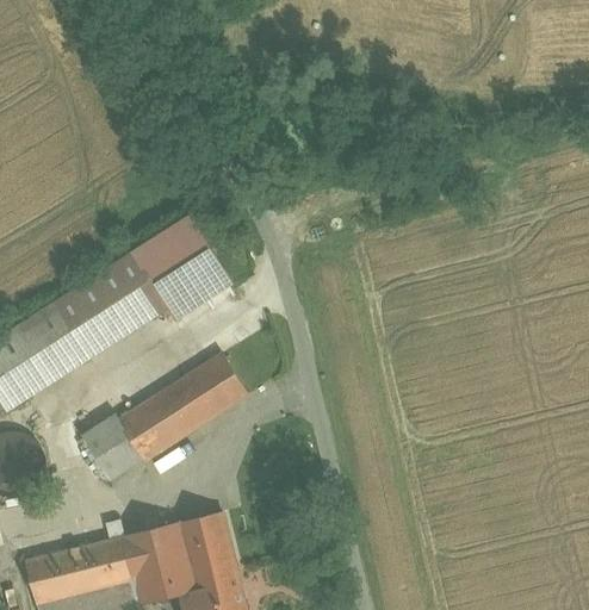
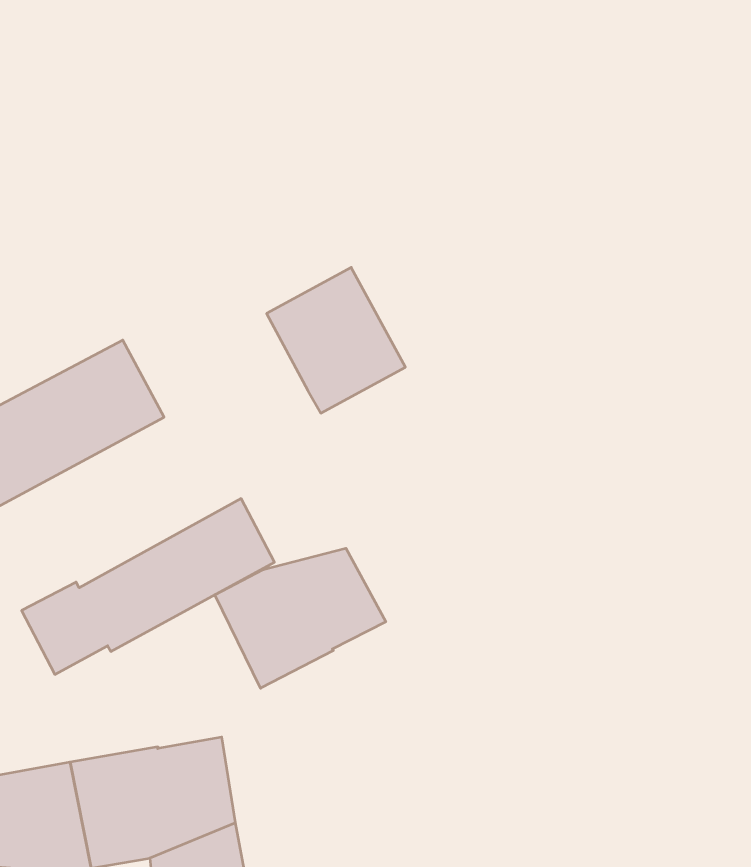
building: [136,220,230,318] -> [267,267,405,413]
building: none -> [215,548,386,688]

